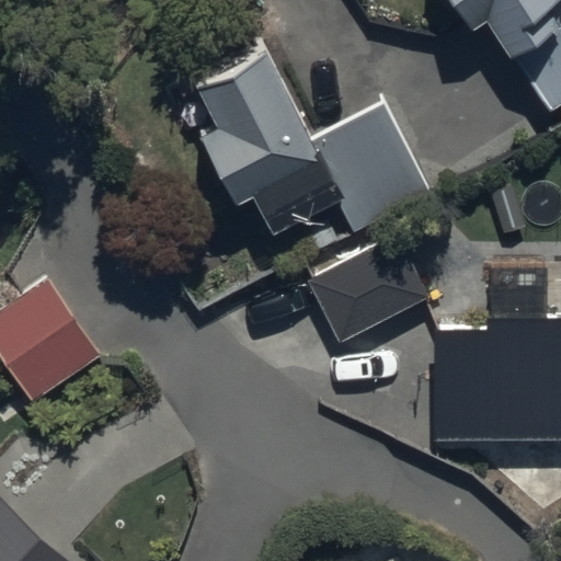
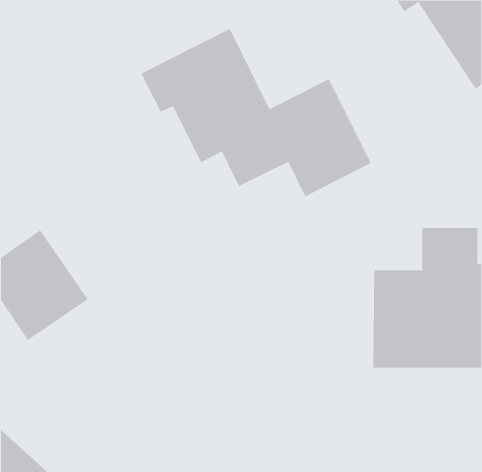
building: [311,239,426,345] -> none

